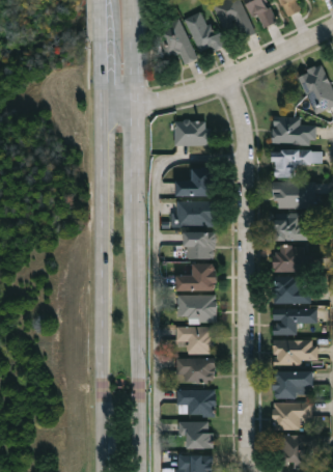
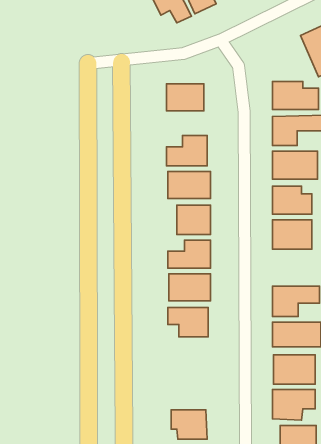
building: [272,277,309,304] -> none
building: [175,359,214,383] -> none
building: [175,390,215,415] -> none

